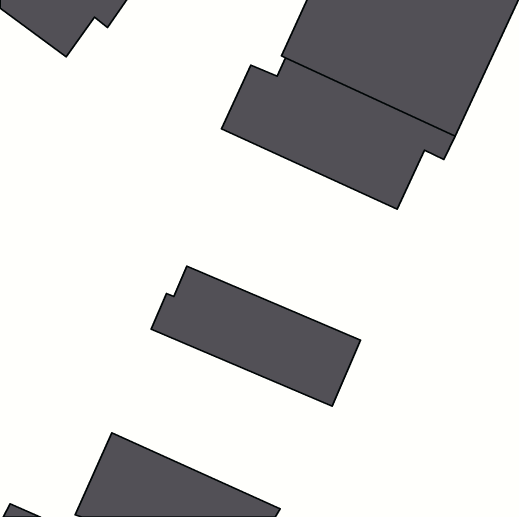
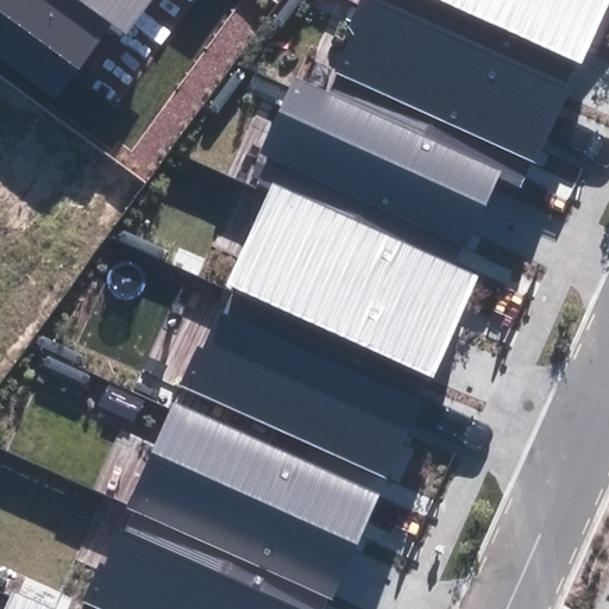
building: none -> [225,184,478,376]
building: none -> [126,397,382,598]

